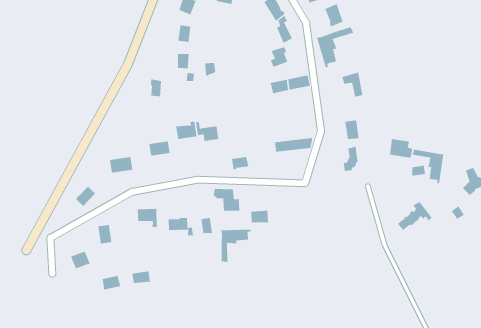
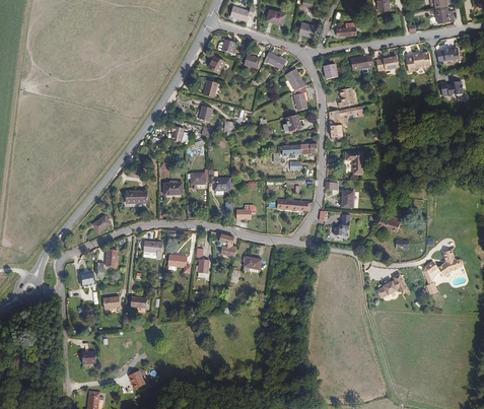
building: [412,149,444,184] -> none
building: [221,229,251,263] -> none

